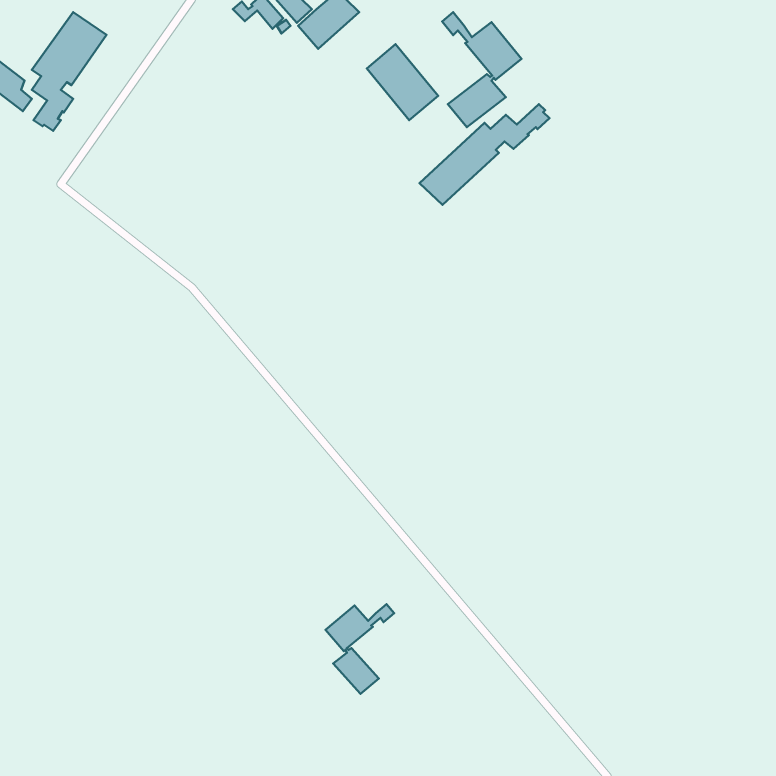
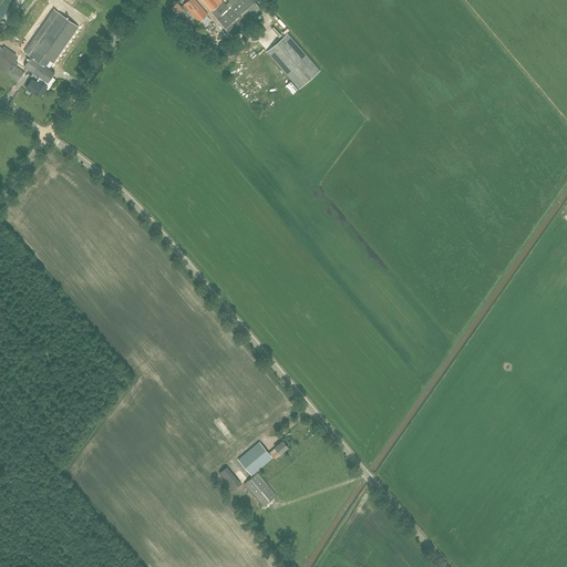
building: [442,12,522,127] -> none
building: [419,104,549,205] -> none

